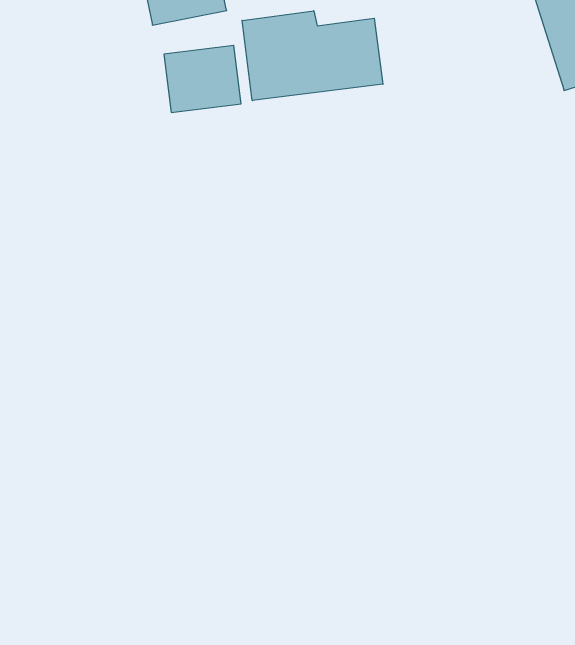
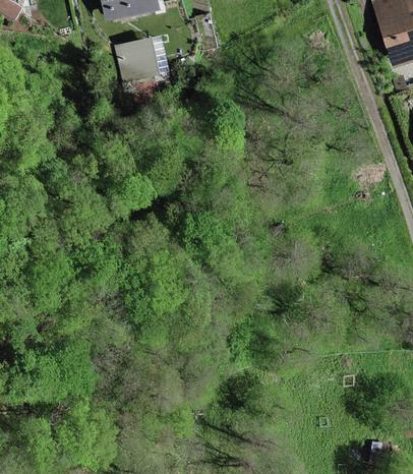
building: [242,11,383,101] -> none

